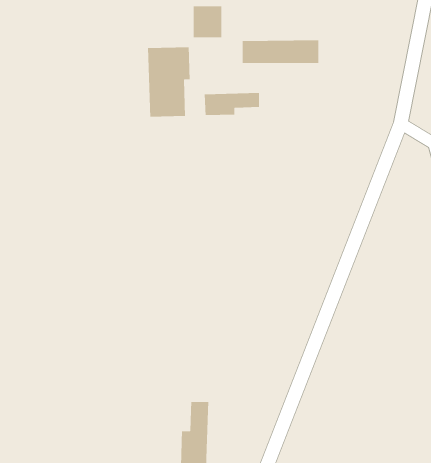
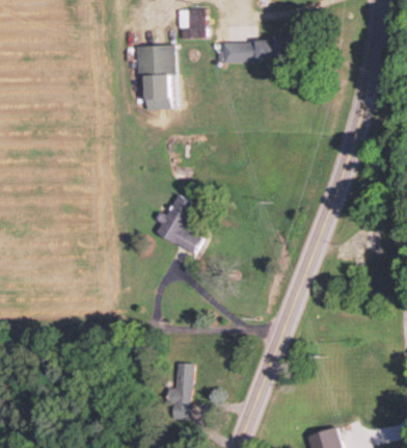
building: [204,92,260,116] -> none
building: none -> [156,194,203,255]

